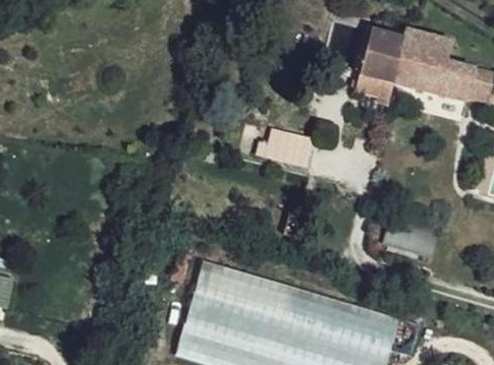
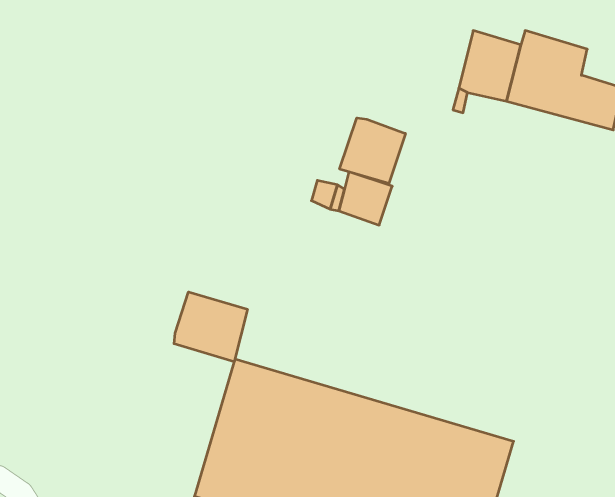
building: none -> [340,118,405,183]
building: none -> [174,292,247,362]

